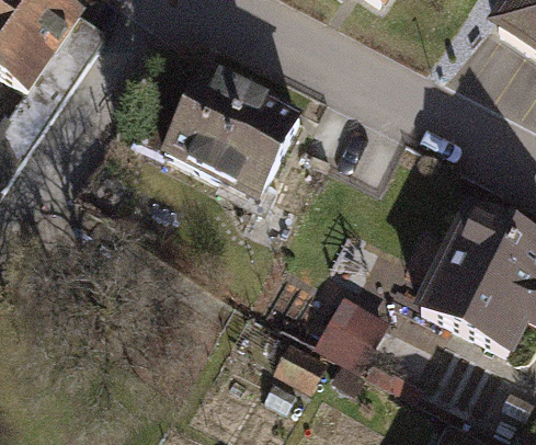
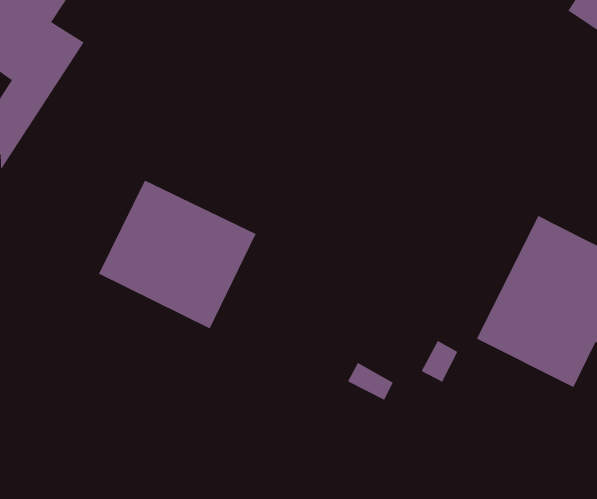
building: [163,66,298,193] -> [98,180,257,329]

